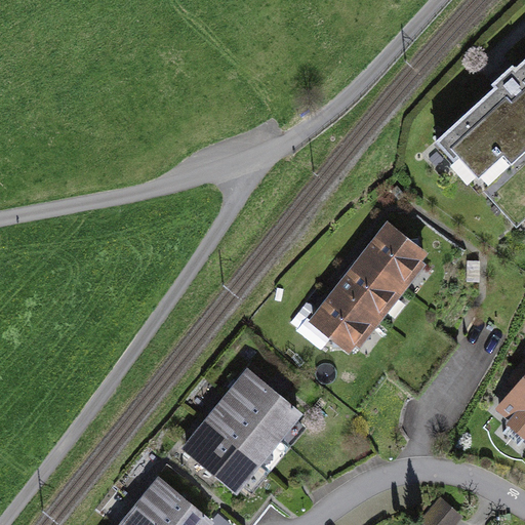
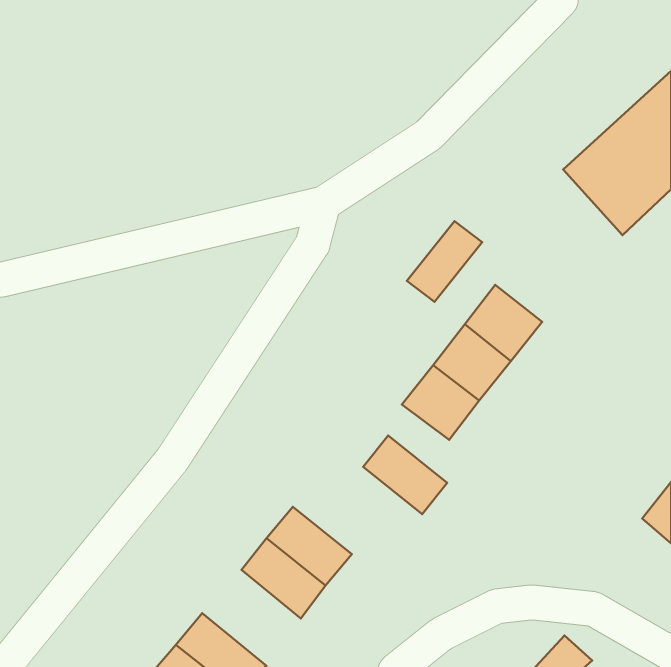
building: none -> [407,221,482,302]
building: [229,374,294,436] -> [363,435,447,514]

